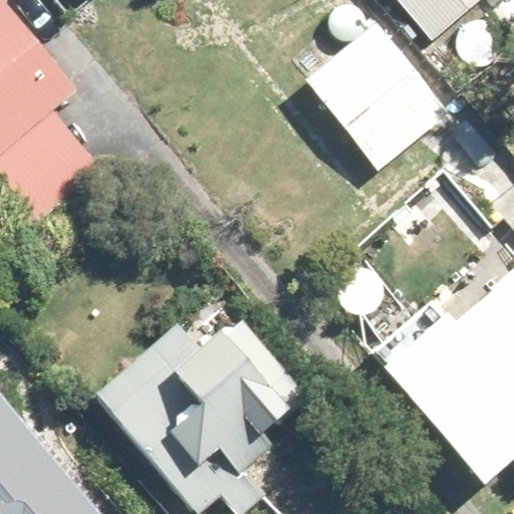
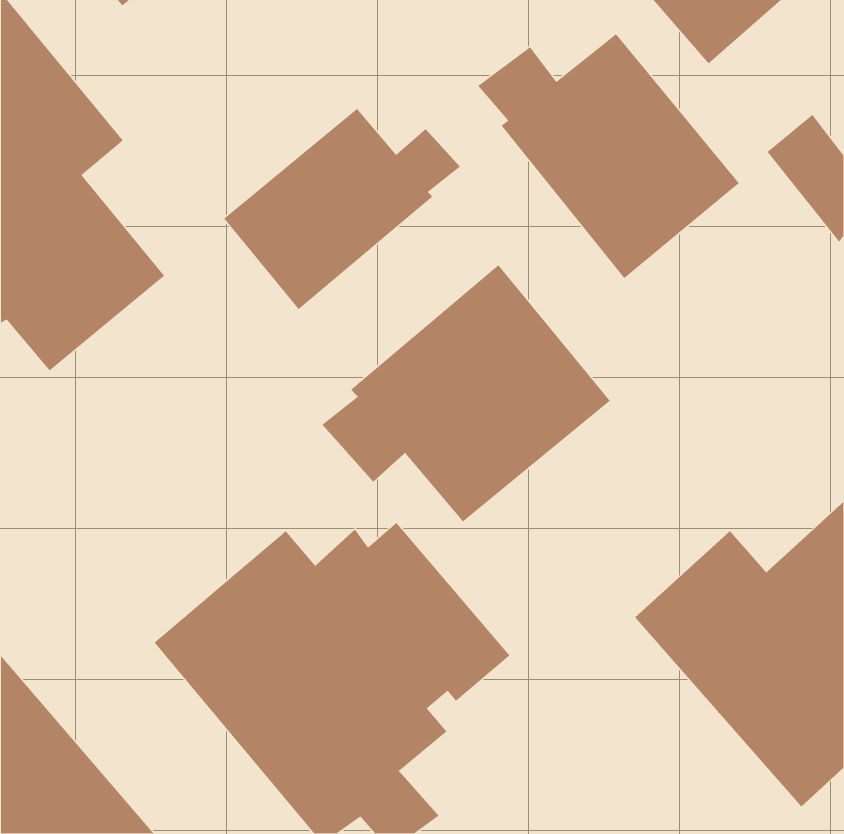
building: none -> [223,108,461,310]
building: none -> [321,264,611,523]

